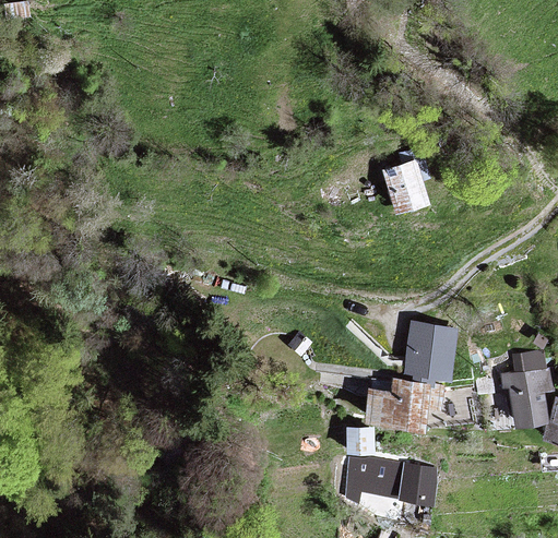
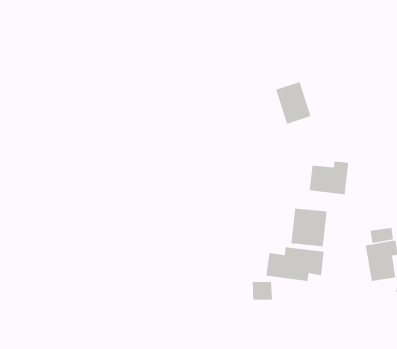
building: none -> [309,161,349,195]
building: [345,456,435,506] -> none

